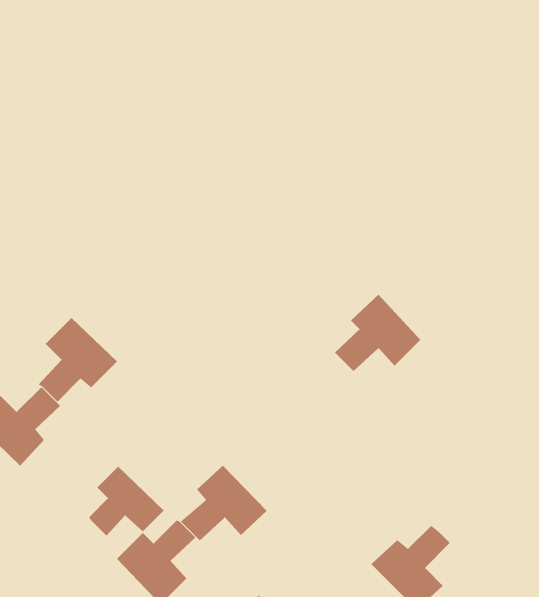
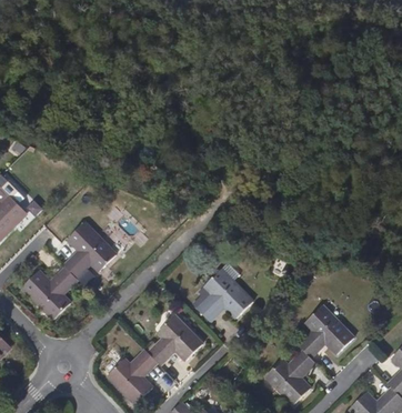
building: [334,294,421,372] -> [195,268,250,316]
building: none -> [299,310,353,356]
building: [89,466,165,536] -> none

